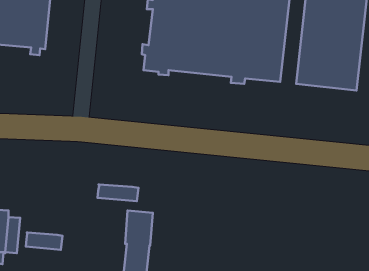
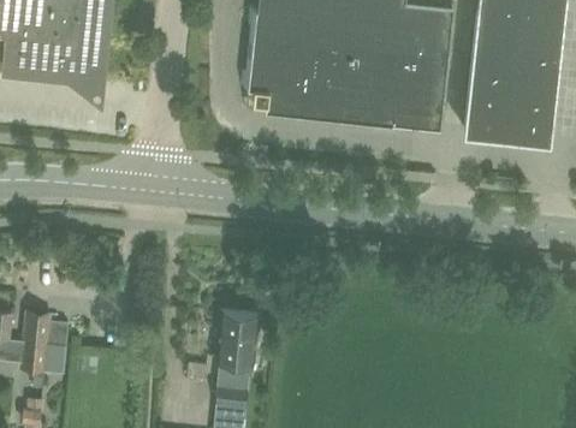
building: [98,184,139,201] -> none
building: [26,232,63,250] -> none

